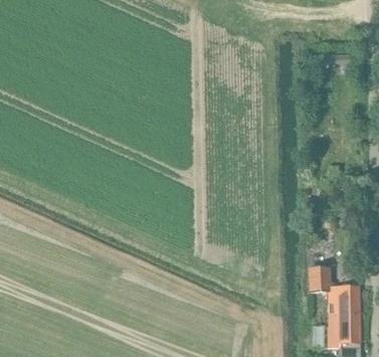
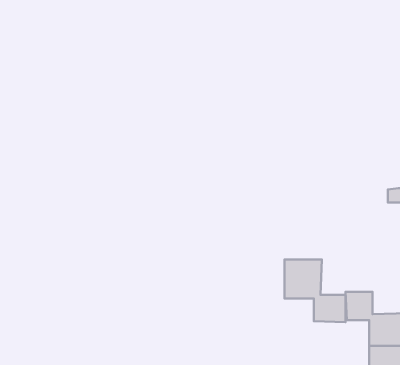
building: none -> [285,259,346,322]

